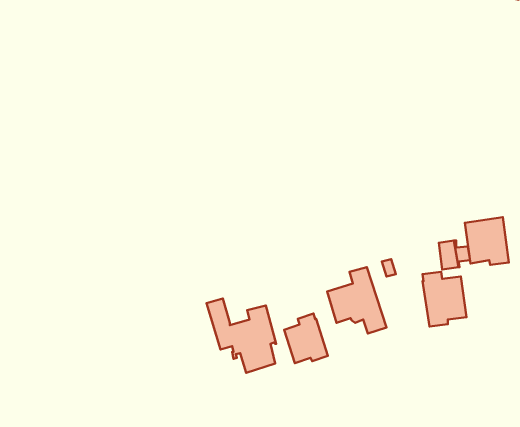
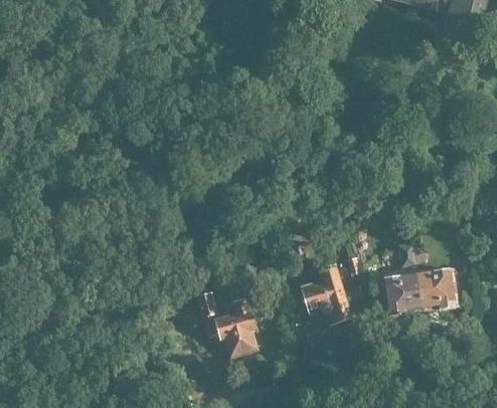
building: [465,217,509,265] -> [417,268,455,310]
building: [284,314,328,363] -> none

